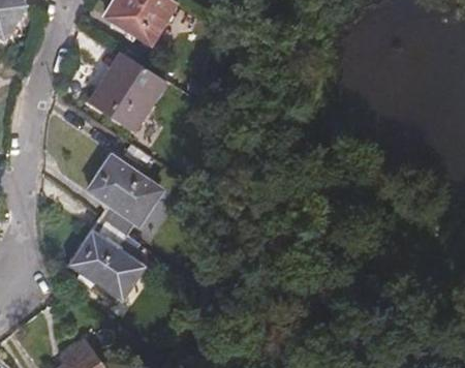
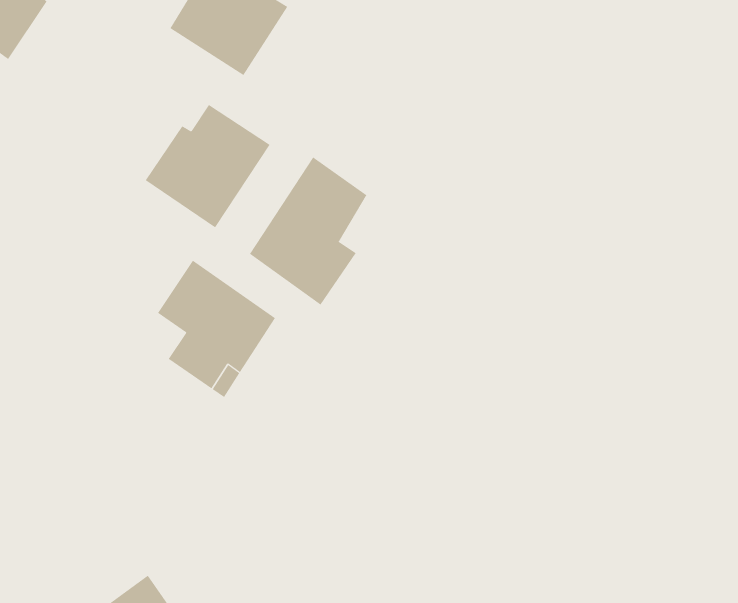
building: none -> [249,156,367,306]
building: [68,214,138,295] -> none

